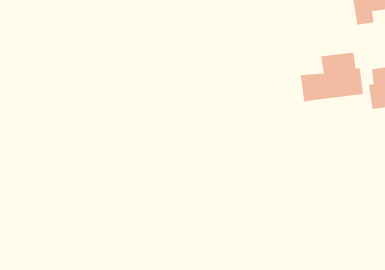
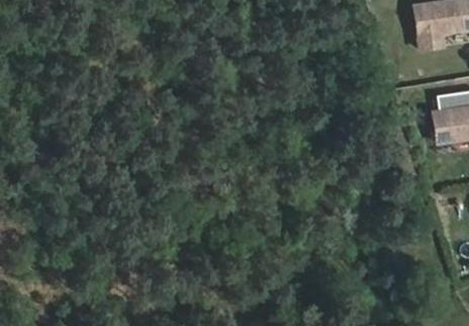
building: [300,52,363,102] -> none

